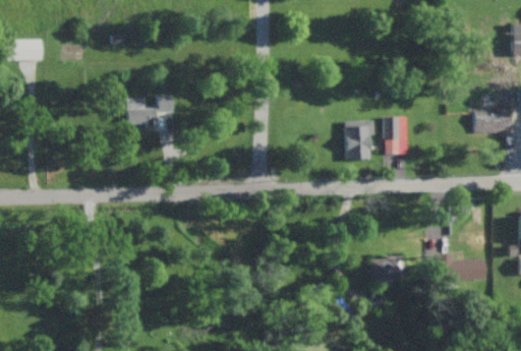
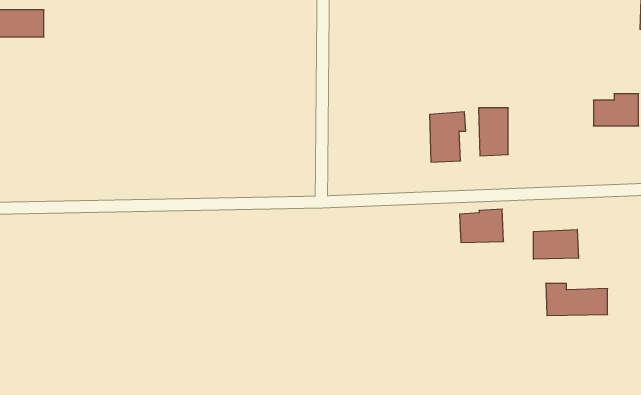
building: [127,96,174,129] -> none
building: none -> [534,229,579,259]
building: [369,255,404,282] -> [460,209,504,243]

